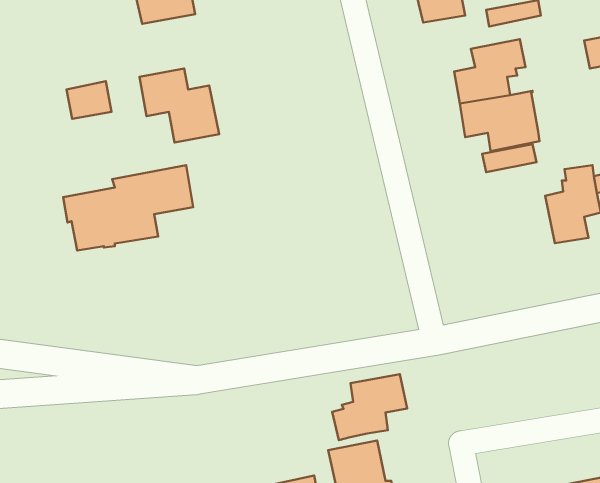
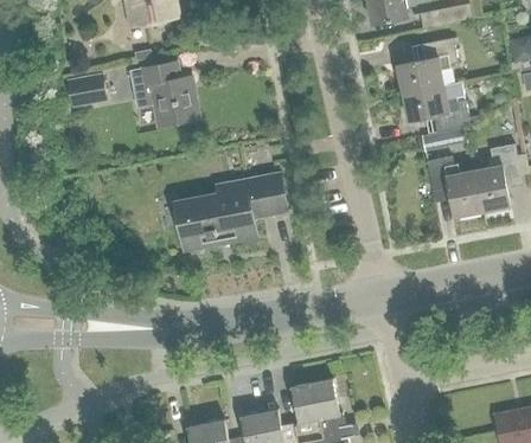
building: [63,165,193,250] -> [175,175,286,248]
building: none -> [428,158,482,218]
building: [332,374,407,440] -> none

